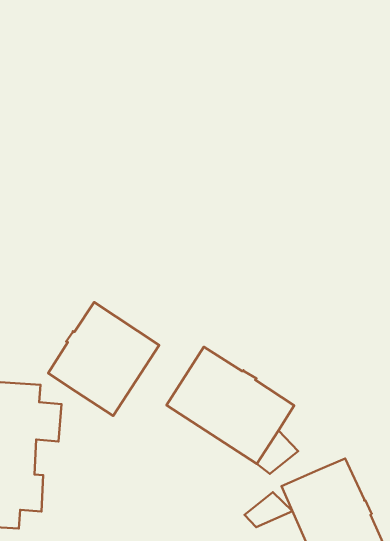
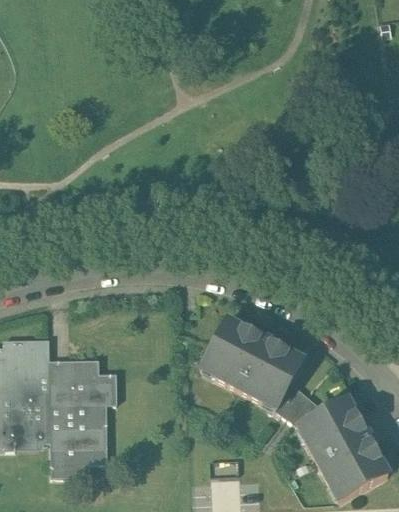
building: [48,302,159,416] -> none
building: [245,492,293,527] -> [287,396,325,425]

